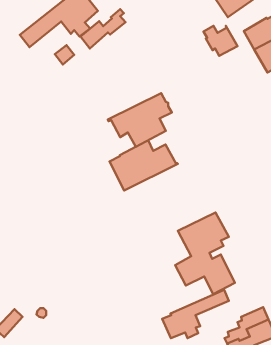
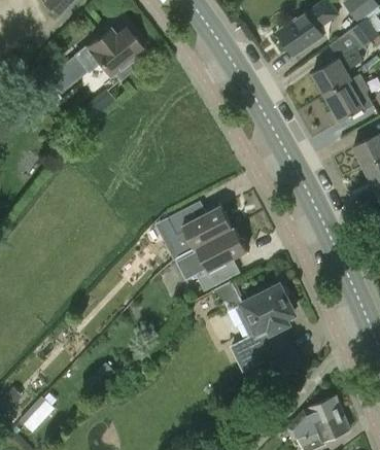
building: [80,9,125,48] -> none
building: [204,26,237,56] -> none
building: [108,93,172,147] -> [172,228,247,290]
building: [162,290,229,338] -> none

